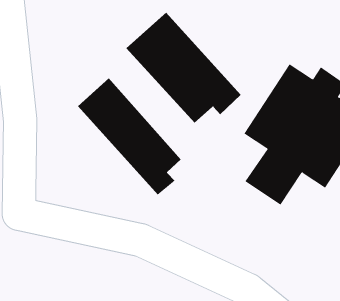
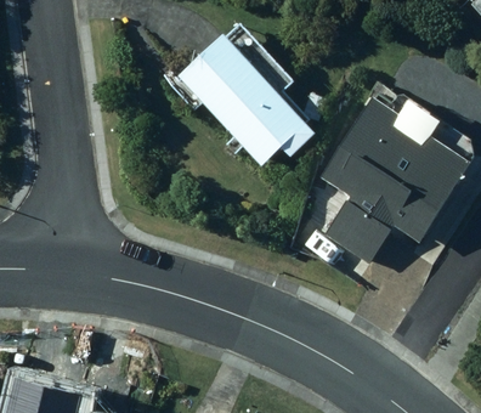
building: [77,78,182,196] -> none

